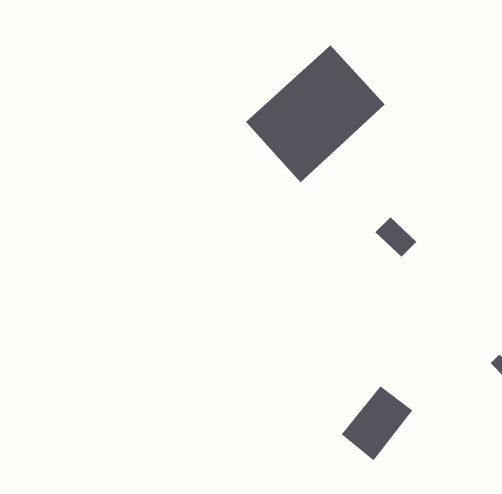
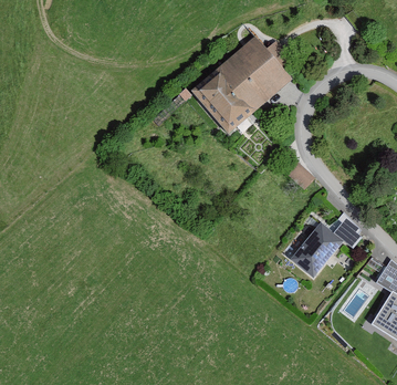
building: [341,385,413,461] -> [292,222,343,275]

